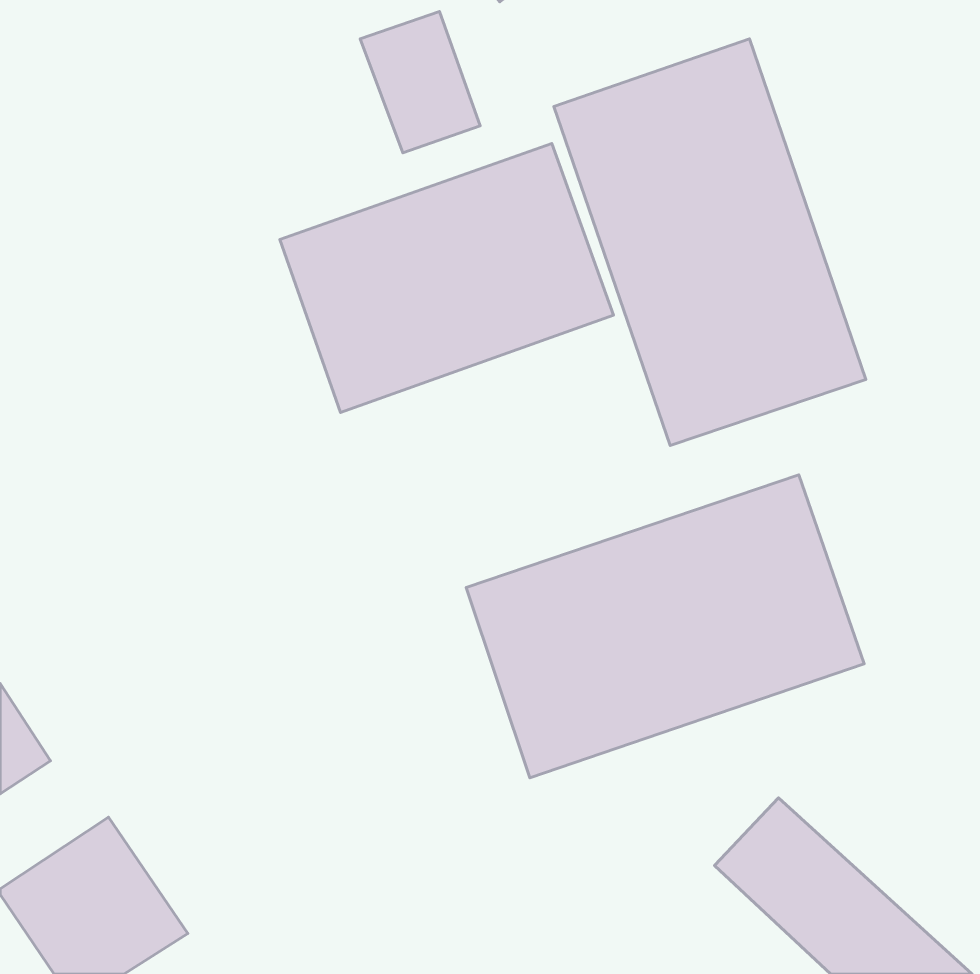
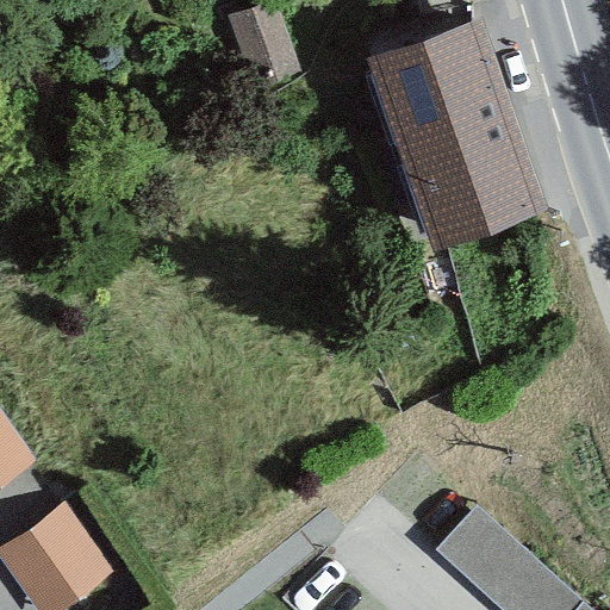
building: [280,143,614,412] -> none
building: [466,475,864,778] -> none

